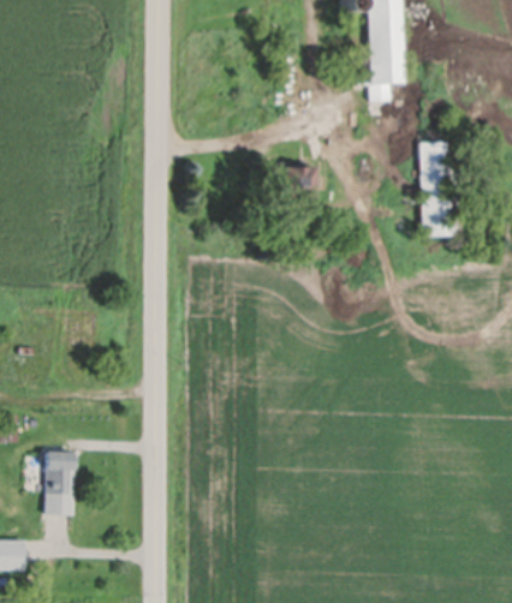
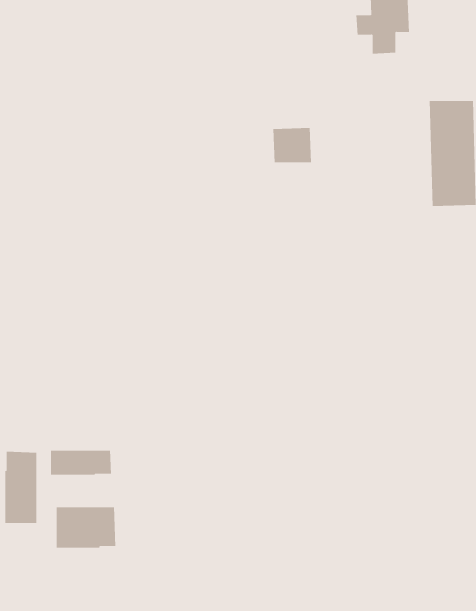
building: none -> [51,450,112,476]
building: none -> [56,507,116,549]

